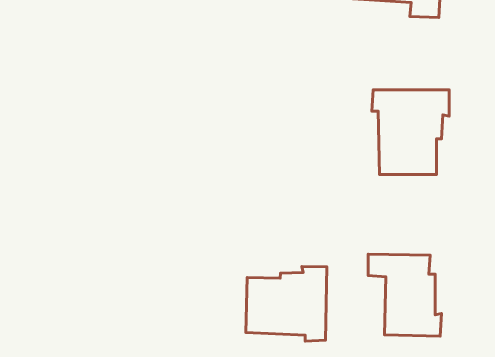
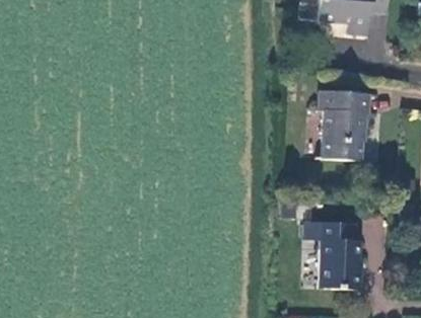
building: [246,266,327,341] -> none

